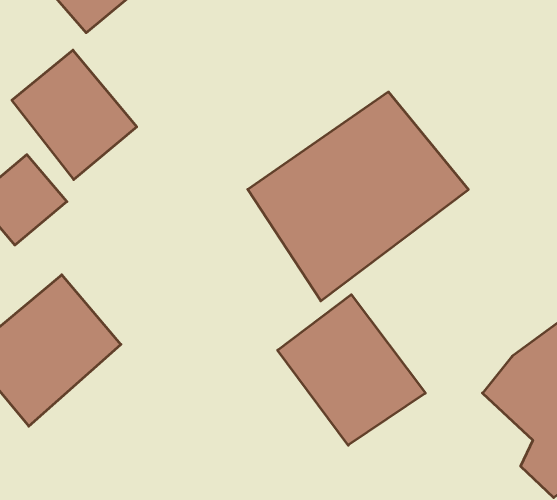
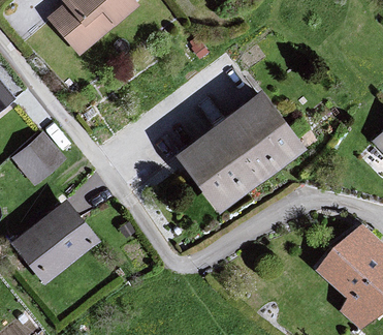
building: [12,50,137,180] -> none
building: [278,295,425,445] -> none

